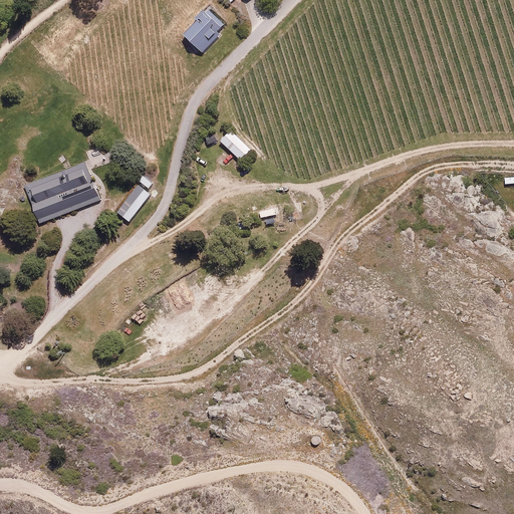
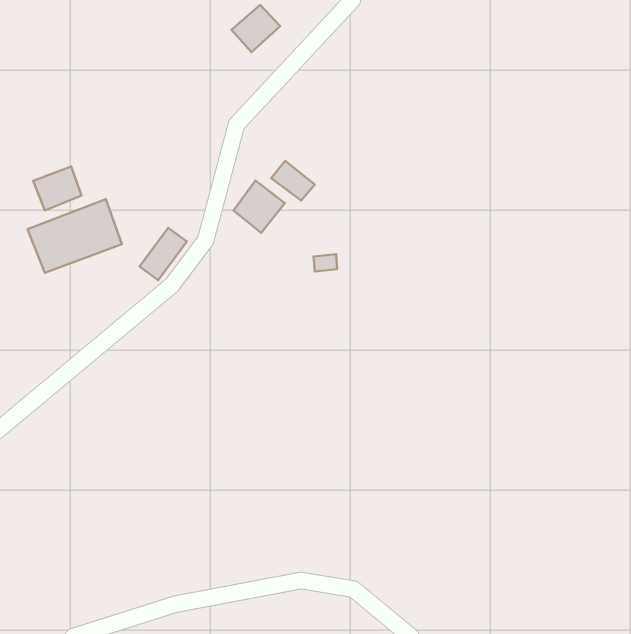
building: none -> [33,166,82,210]
building: none -> [233,181,285,233]

